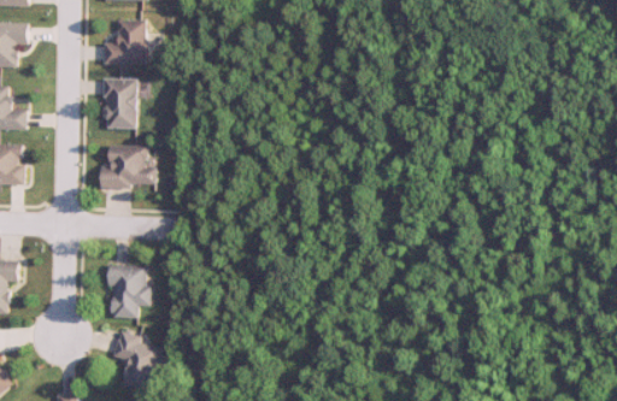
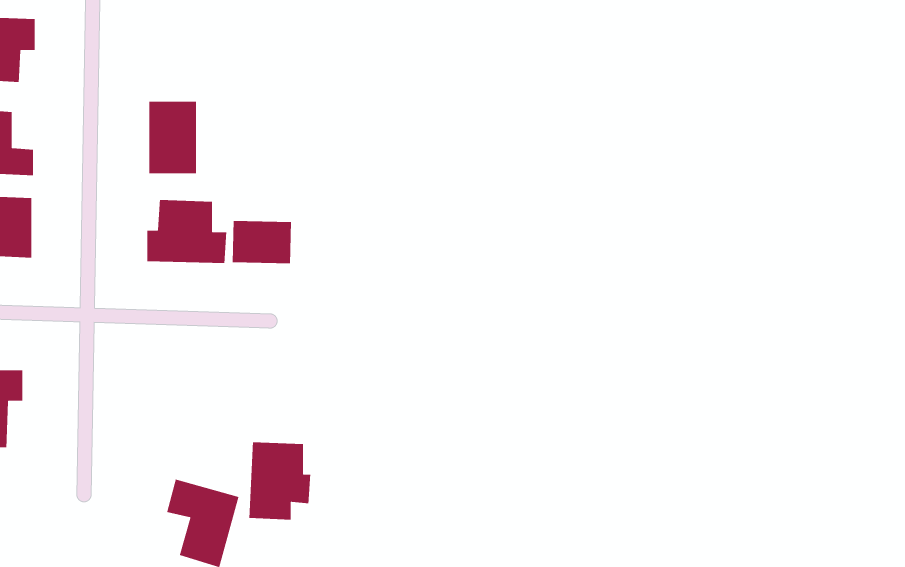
building: [104,20,145,65] -> none
building: none -> [232,220,292,264]
building: [108,265,151,318] -> [248,442,311,520]

